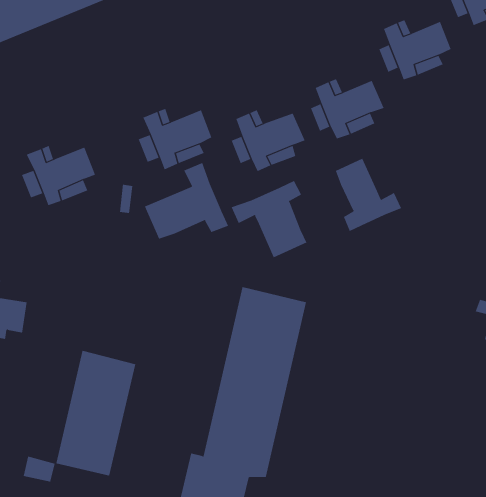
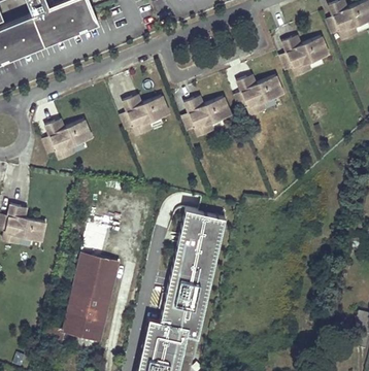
building: [335,158,402,232] -> none
building: [144,162,229,239] -> none
building: [231,180,307,258] -> none

